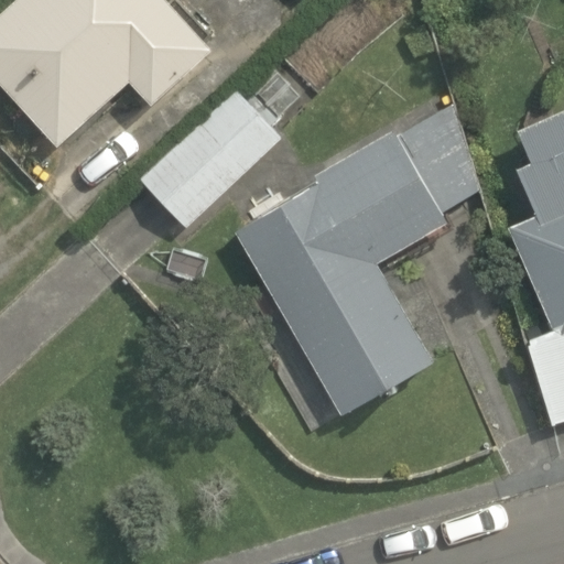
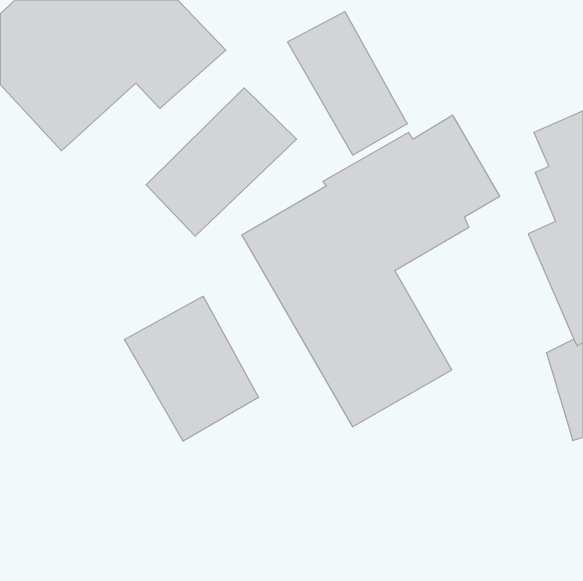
building: none -> [288,12,407,155]
building: none -> [124,296,258,441]

